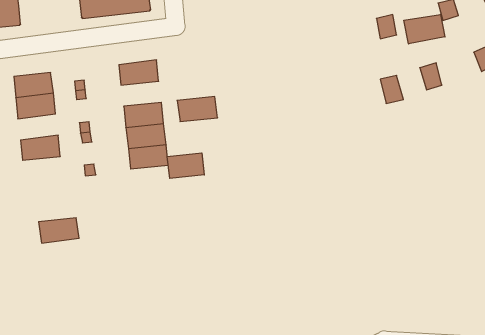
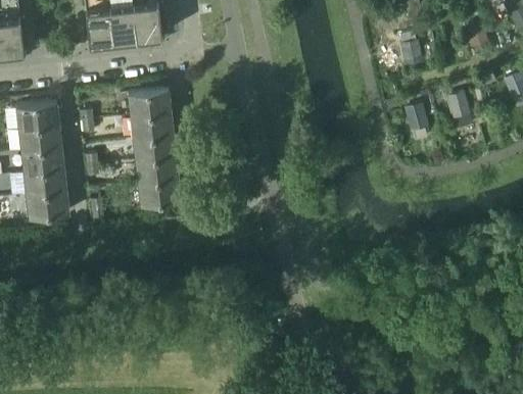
building: [404,14,445,44] -> none
building: [177,97,218,122] -> [130,110,173,137]
building: none -> [20,145,63,173]
building: [167,153,204,178] -> none
building: [39,218,79,243] -> [26,190,68,216]

